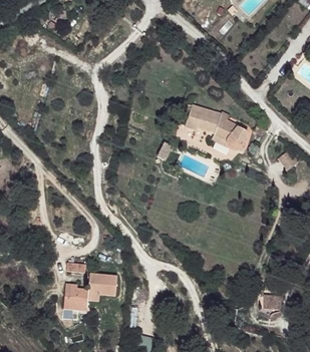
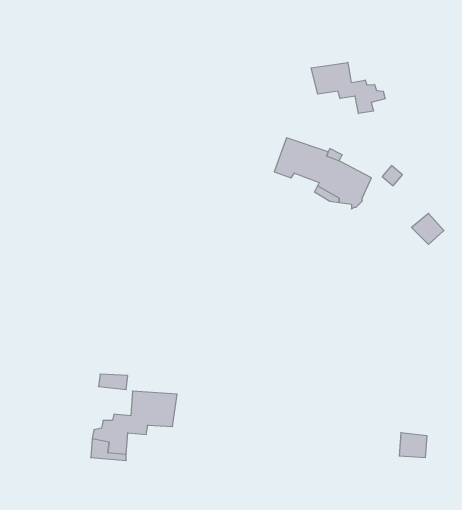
building: none -> [311,62,385,114]

